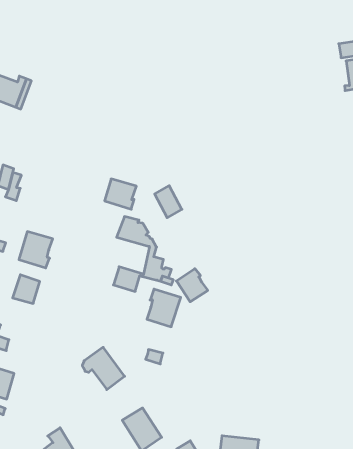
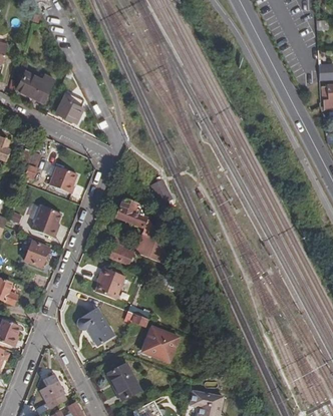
building: none -> [56,91,84,120]
building: [105,179,136,209] -> [49,166,77,193]
building: [176,269,208,302] -> none
building: [147,289,181,327] -> [94,267,124,300]
building: none -> [141,327,178,362]

